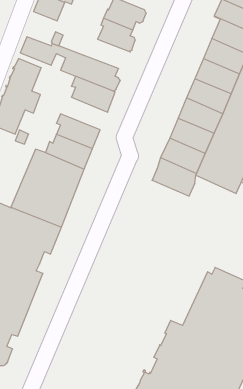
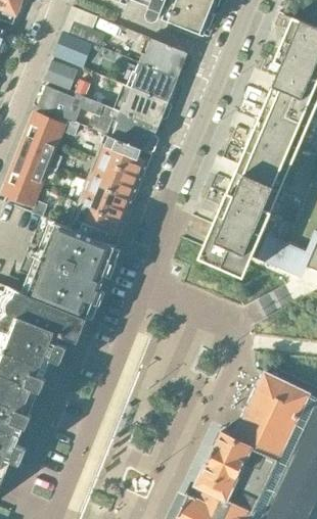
building: none -> [44,61,77,89]
building: none -> [114,85,172,125]
building: none -> [86,159,143,199]

